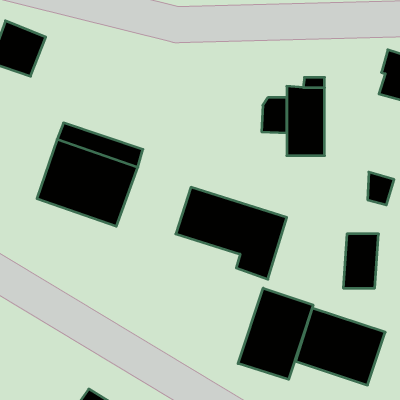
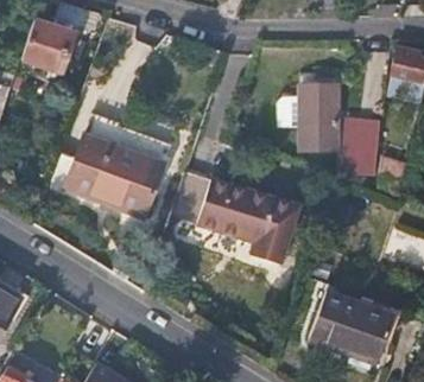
building: none -> [171,167,213,221]
building: [343,234,379,288] -> [347,119,380,170]
building: [238,288,313,379] -> none

